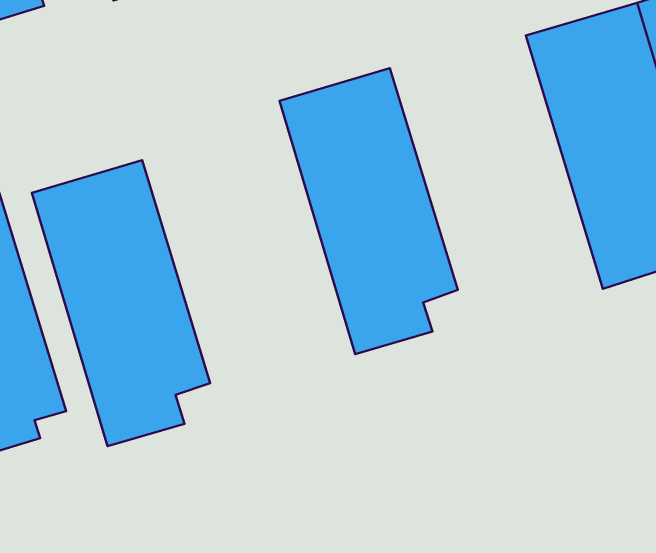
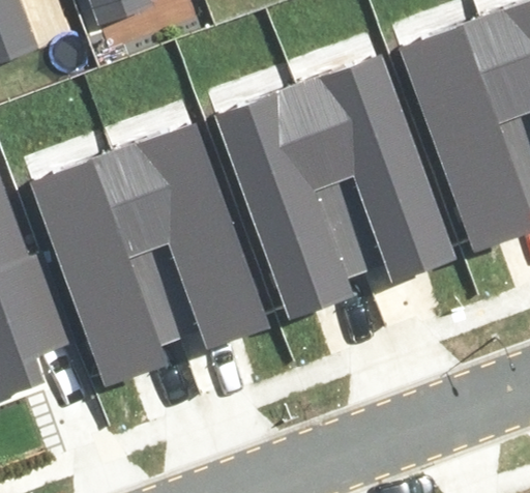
building: none -> [301,51,452,267]
building: none -> [116,134,267,349]

